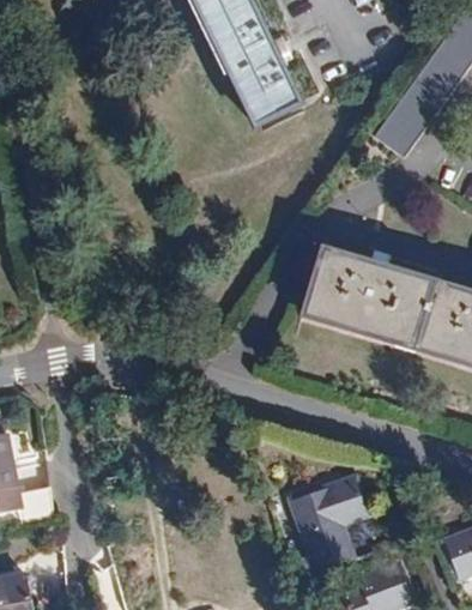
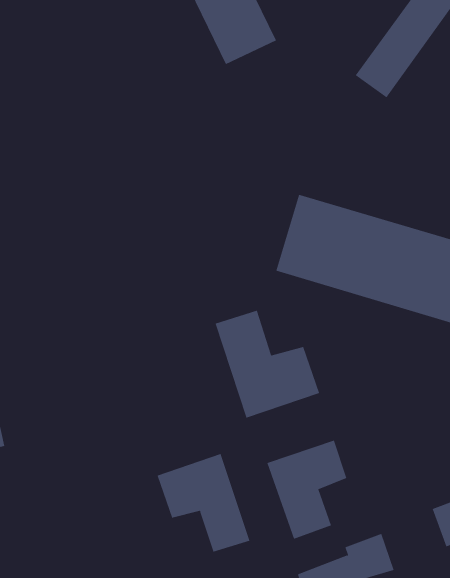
building: none -> [215,310,320,419]
building: none -> [157,453,250,553]

